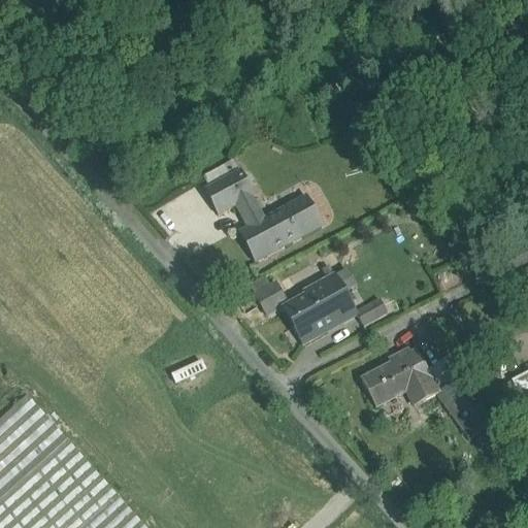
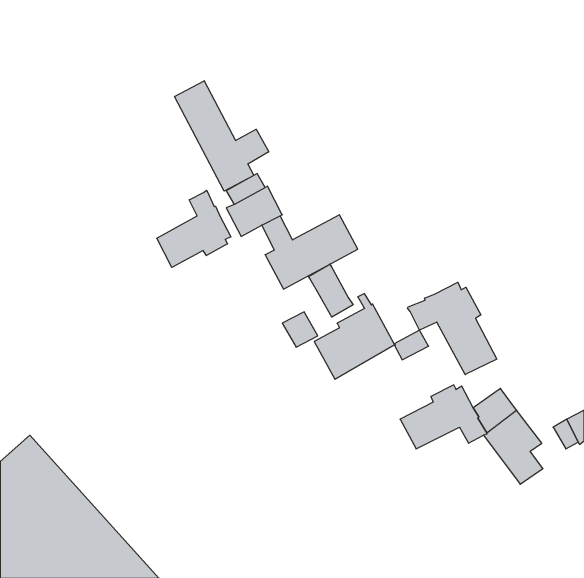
building: none -> [175,81,269,191]
building: none -> [157,190,231,267]
building: none -> [308,264,353,317]
building: none -> [408,282,497,375]

